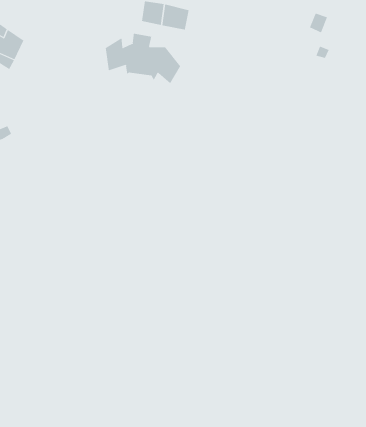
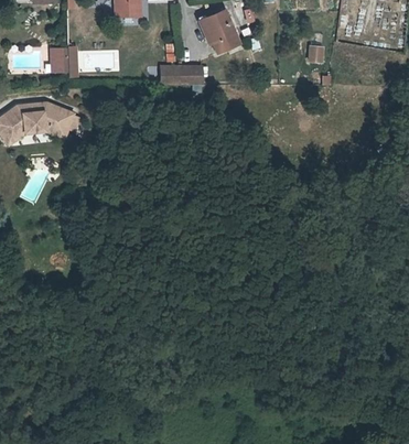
building: [105,33,181,84] -> none

